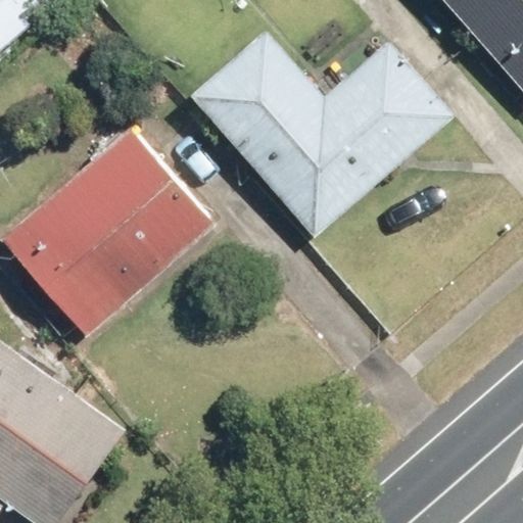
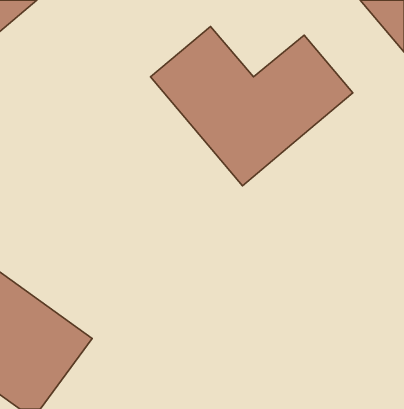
building: [14,131,210,323] -> none

